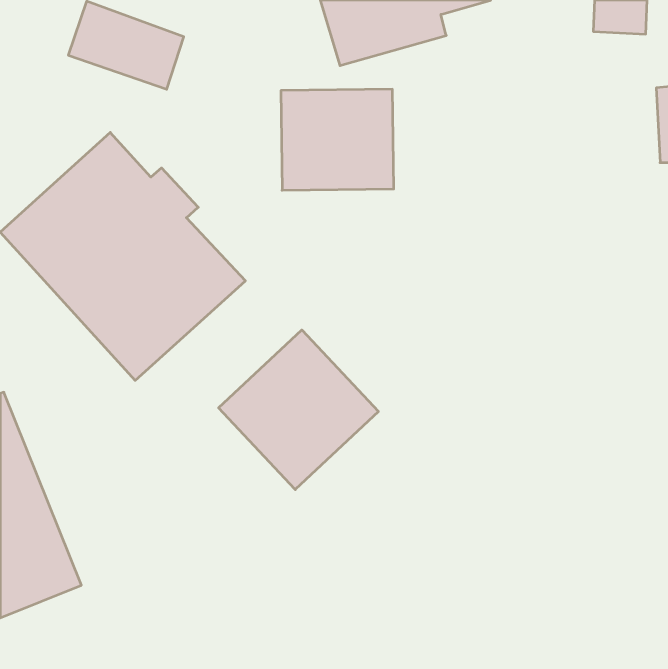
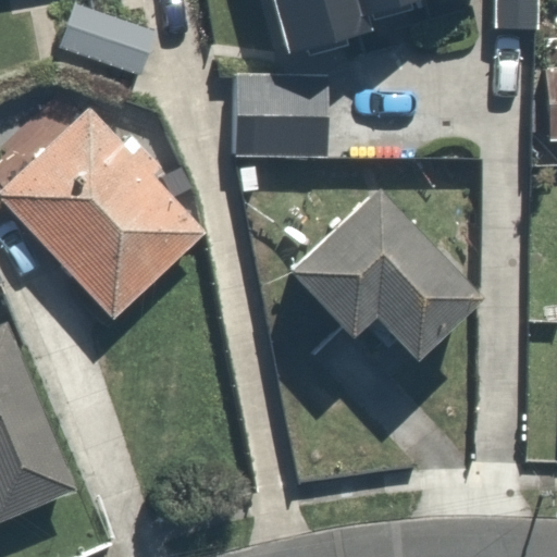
building: none -> [286,186,479,357]
building: [219,330,378,490] -> none

